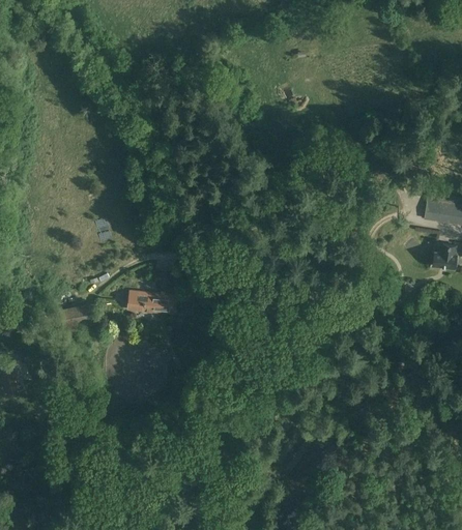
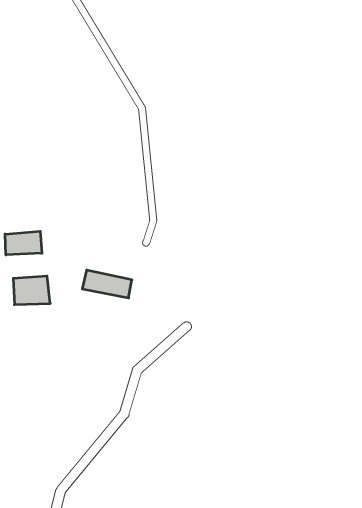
building: none -> [5,231,42,255]

